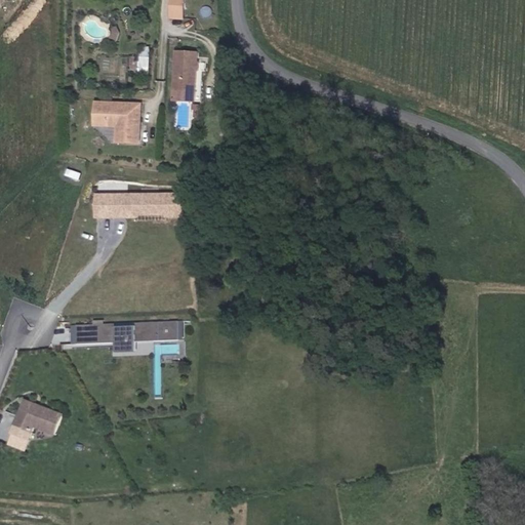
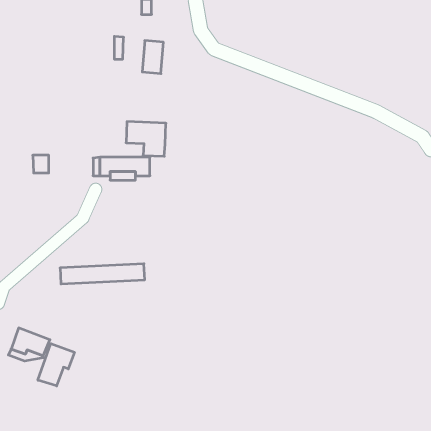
building: [91,102,139,144] -> [126,122,166,156]
building: [93,192,113,213] -> [33,155,49,173]
building: none -> [38,344,74,386]

